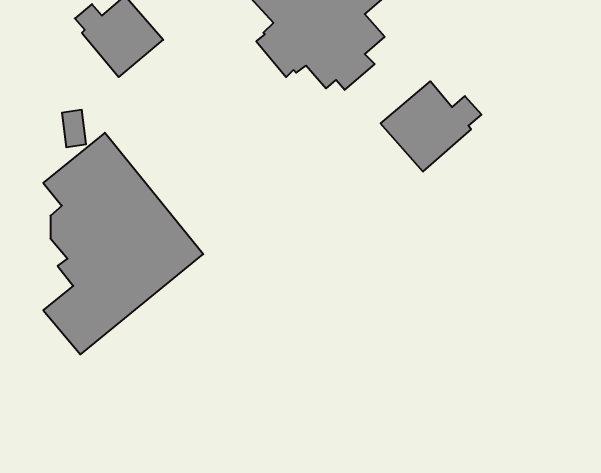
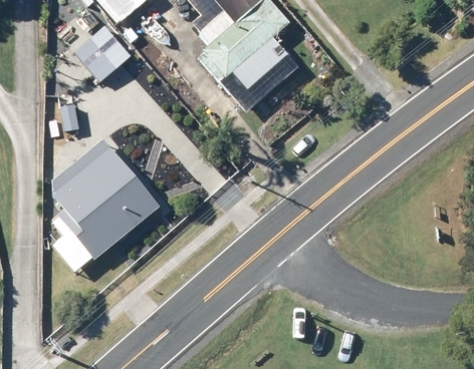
building: [381,81,481,172] -> none

